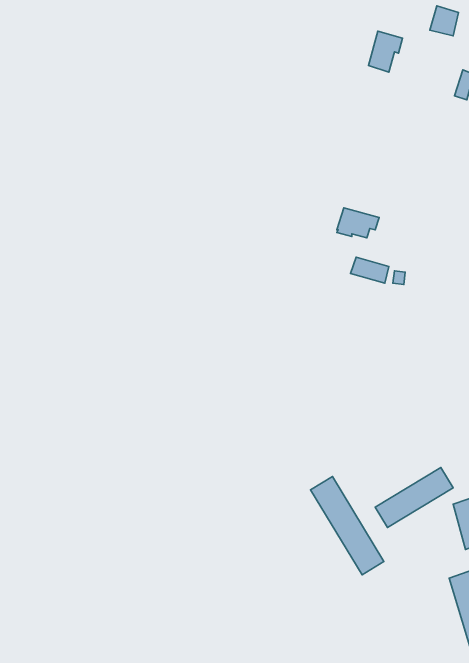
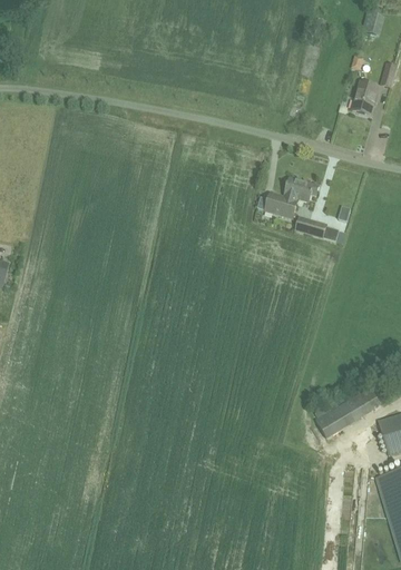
building: [368,31,403,72] -> [353,81,381,115]
building: none -> [266,193,297,217]
building: [311,476,384,575] -> none

